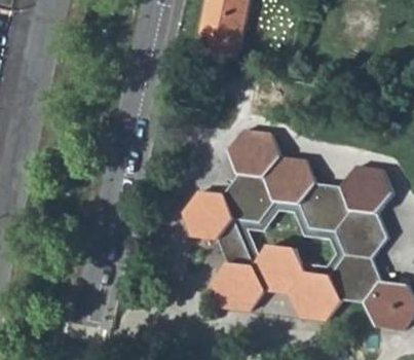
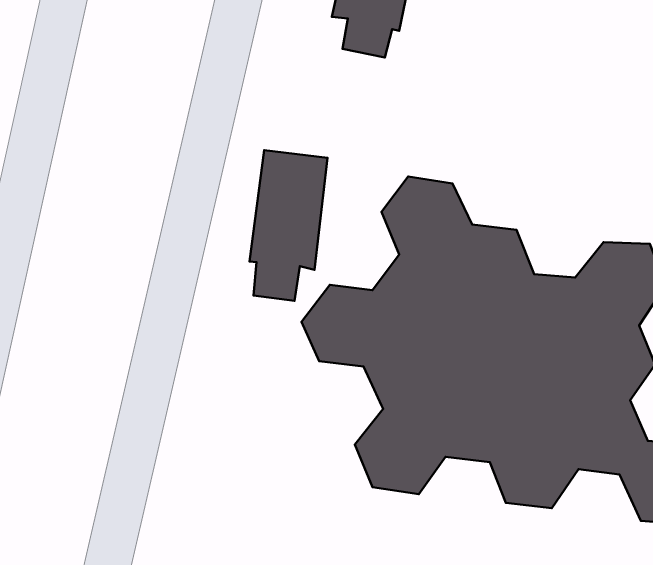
building: none -> [250,150,328,301]

